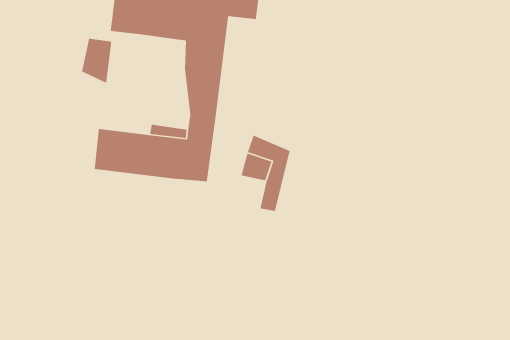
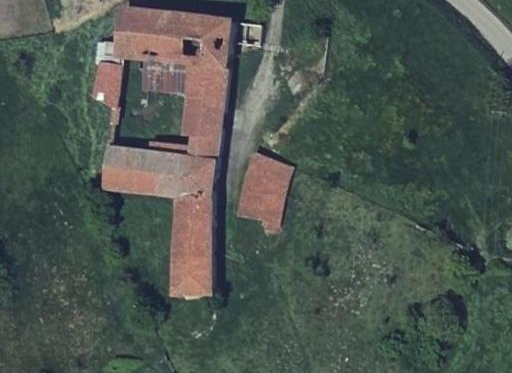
building: none -> [143,59,189,91]
building: none -> [172,195,211,294]

